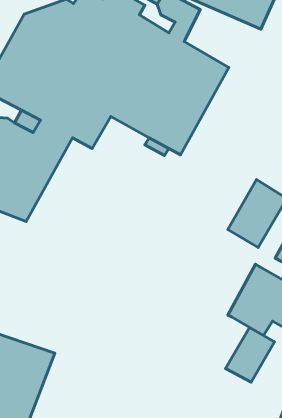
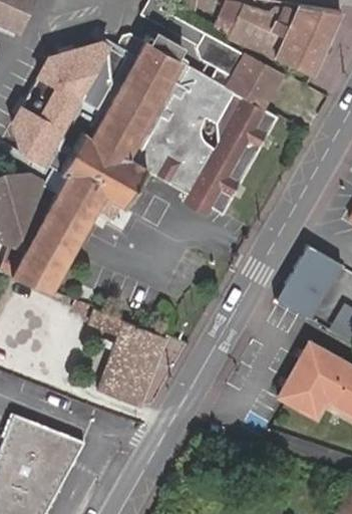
building: none -> [229,52,286,107]
building: none -> [91,309,168,406]
building: [225,327,275,382] -> none

